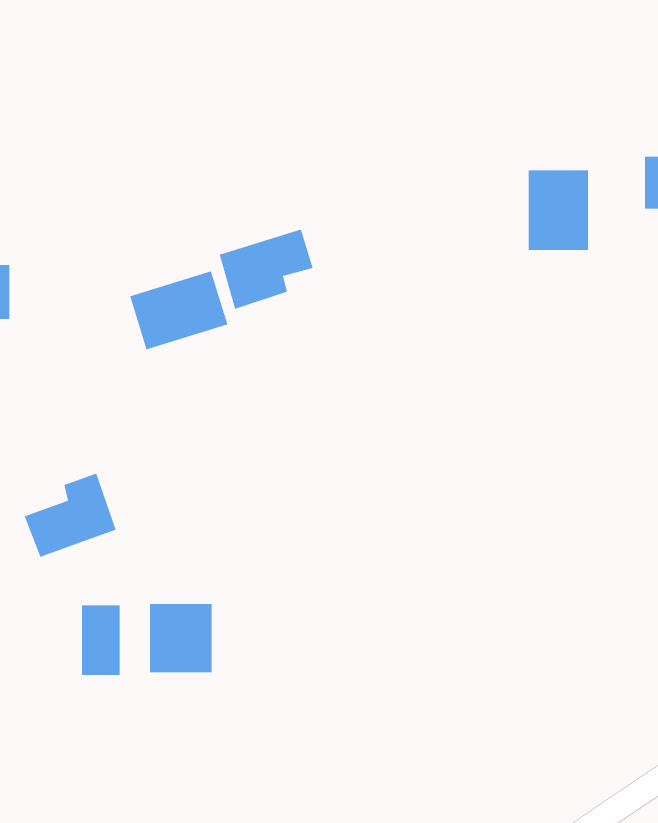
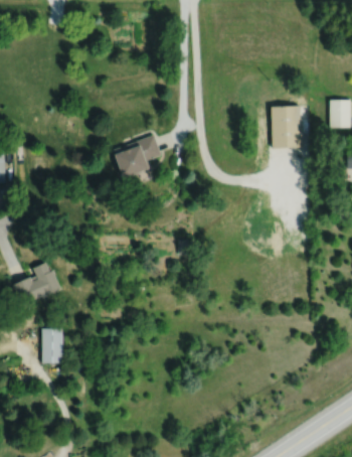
building: [130,271,228,350] -> none
building: [149,603,212,673] -> none

